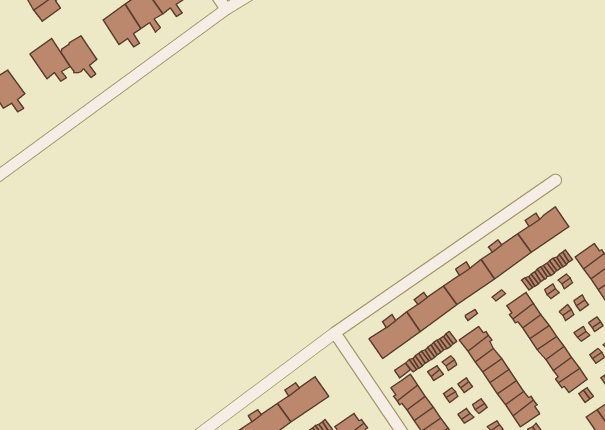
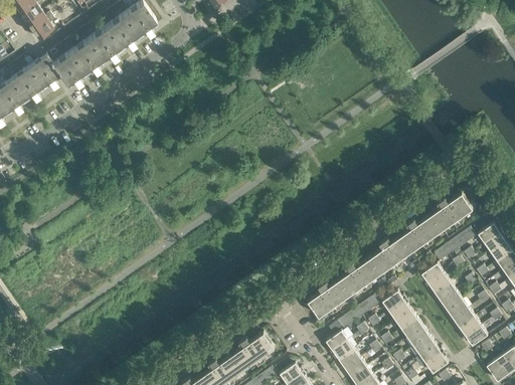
building: none -> [70,40,102,74]
building: none -> [10,68,42,104]

